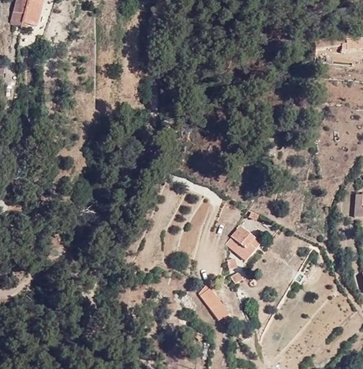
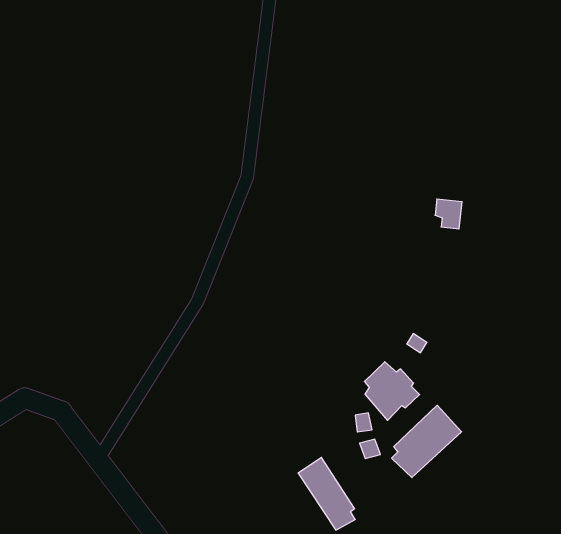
building: none -> [392,405,462,478]

